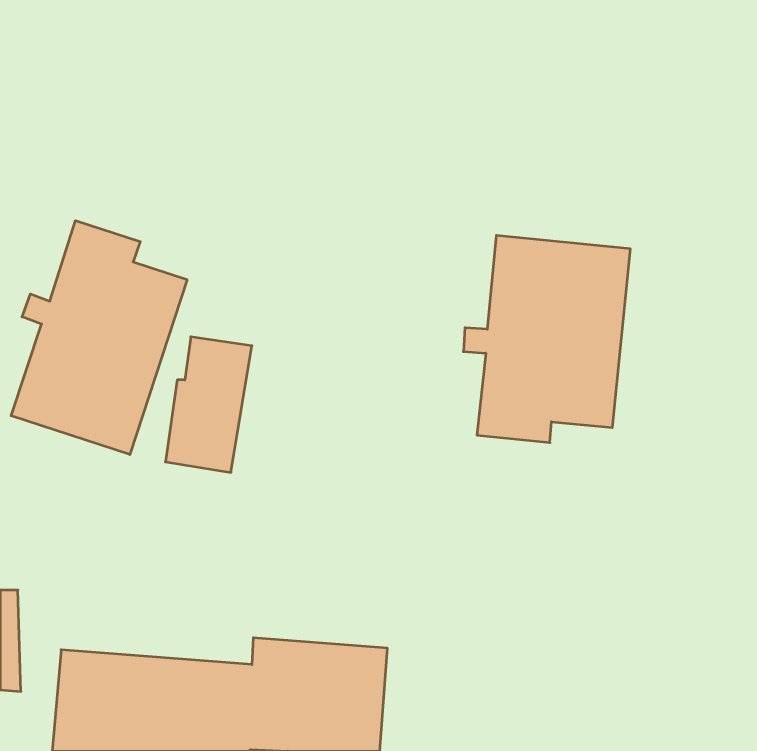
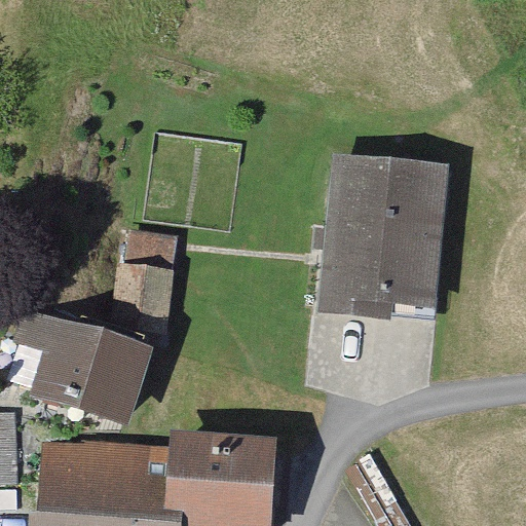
building: [11,221,187,455] -> none
building: none -> [10,308,150,414]

